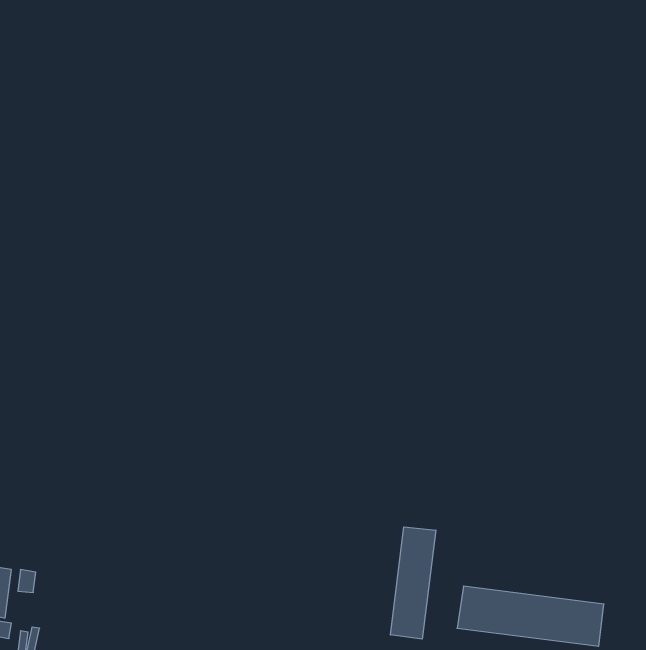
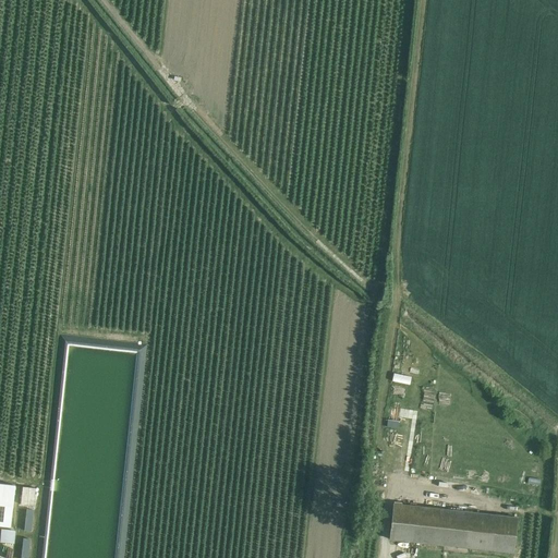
building: [390,527,436,639] -> none

